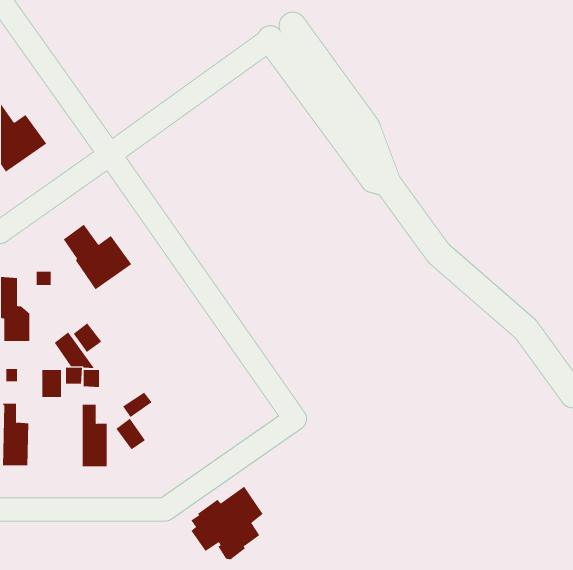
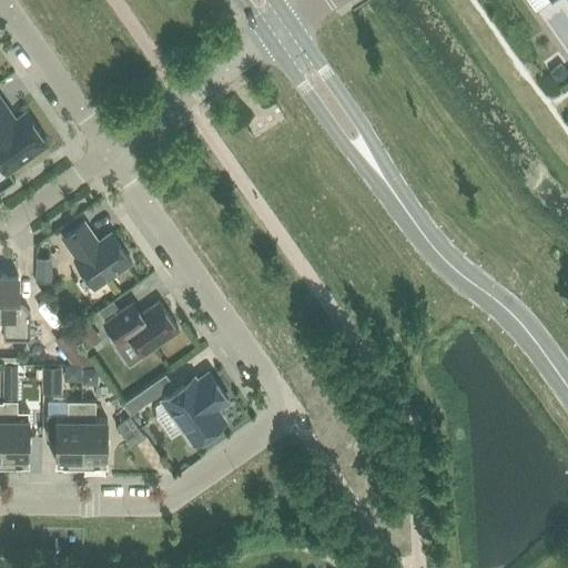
building: none -> [103,304,178,356]
building: none -> [47,403,81,465]
building: [191,486,263,560] -> [155,374,227,447]

